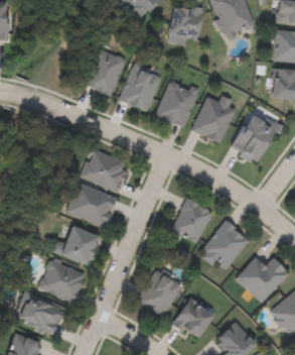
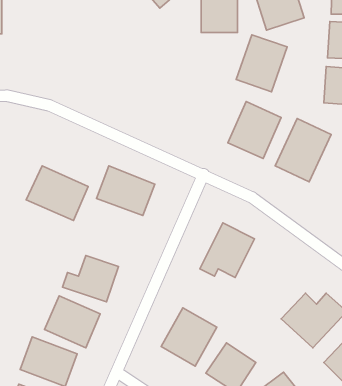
building: [83,49,123,96] -> none
building: [118,67,159,112] -> none
building: [155,80,197,127] -> [236,35,287,92]
building: [65,182,117,227] -> [26,166,88,221]
building: [199,220,249,272] -> none

